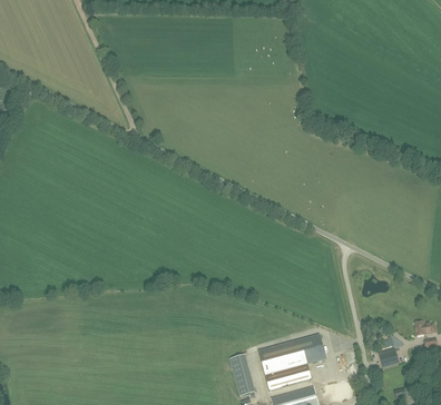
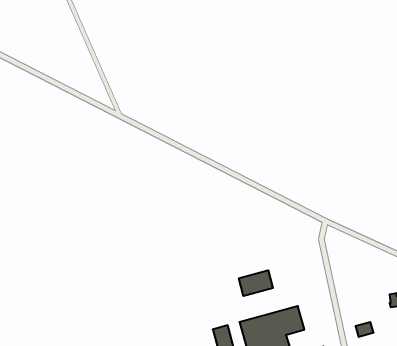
building: none -> [239,270,273,296]

